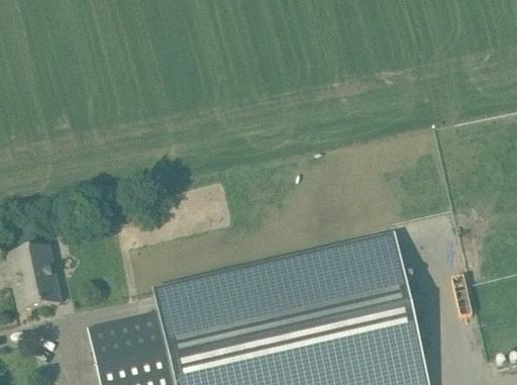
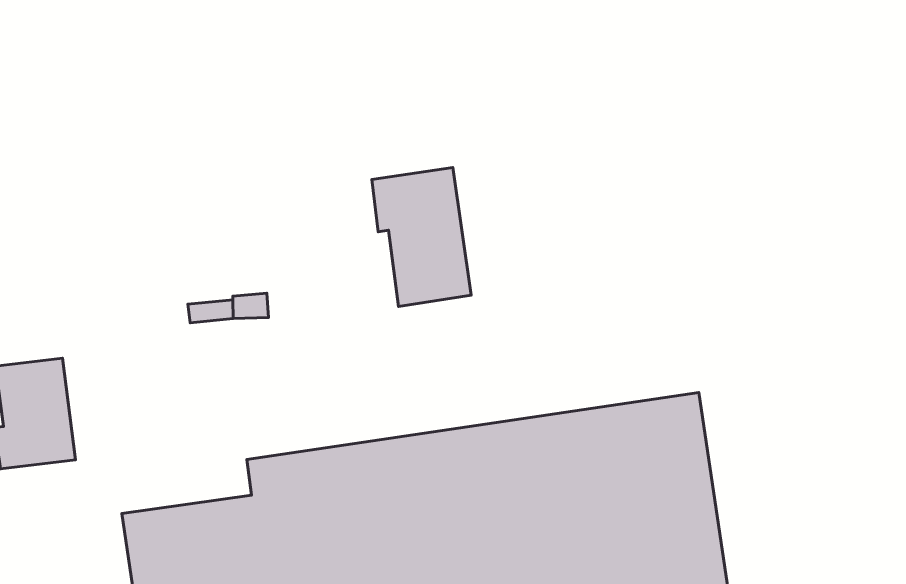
building: none -> [372,167,471,306]

